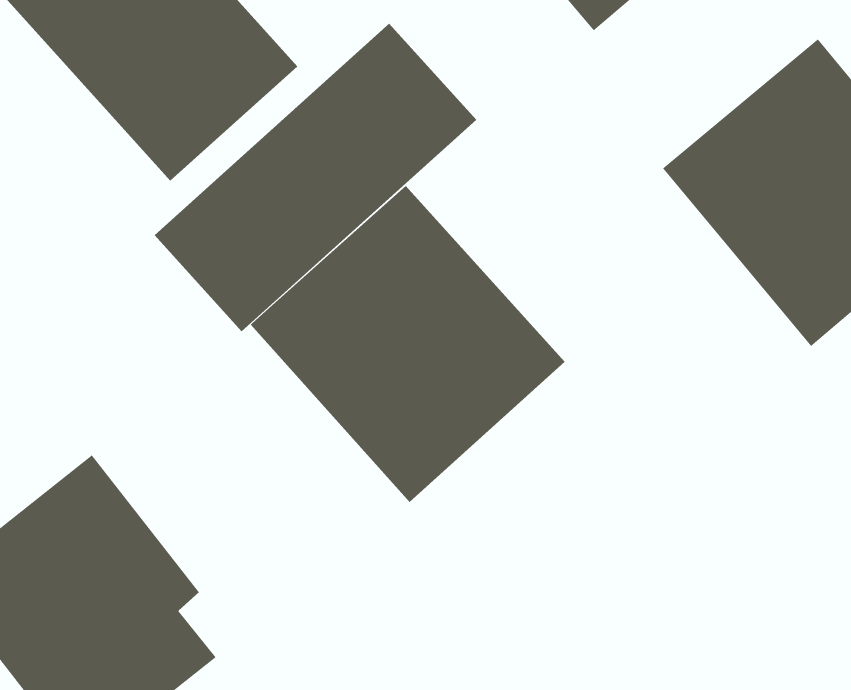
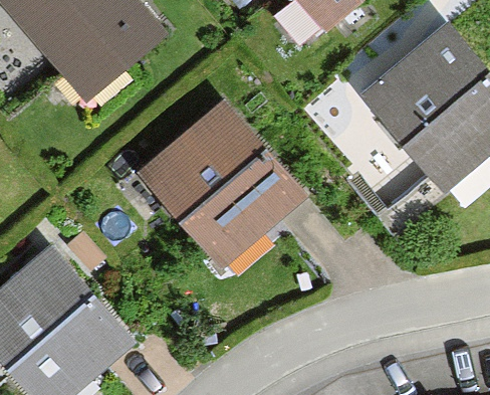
building: [154,23,477,332] -> none

